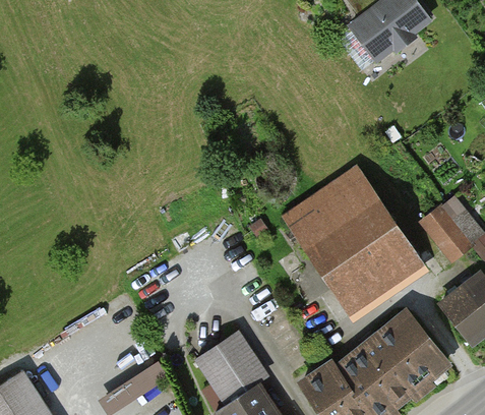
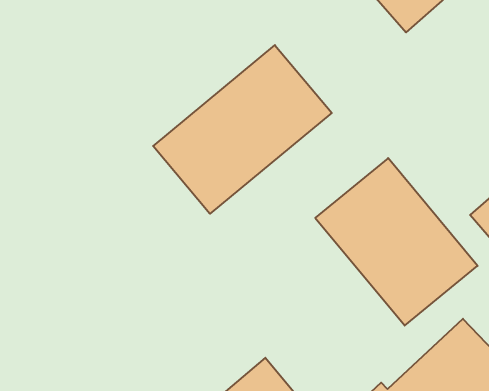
building: none -> [153,45,332,214]

